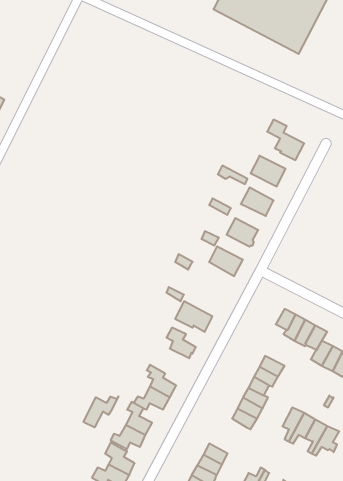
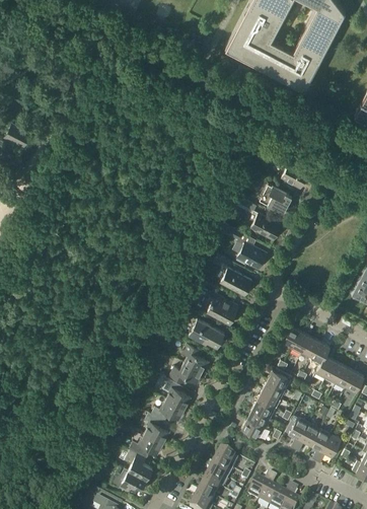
building: none -> [208,293,238,323]
building: none -> [169,363,203,384]
building: [84,396,118,427] -> none

